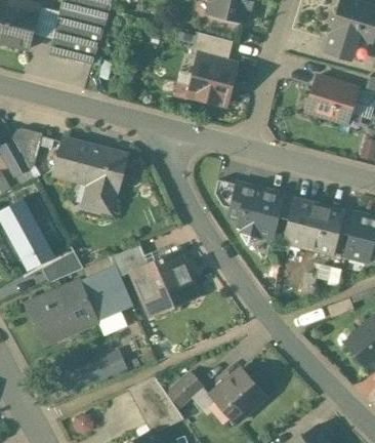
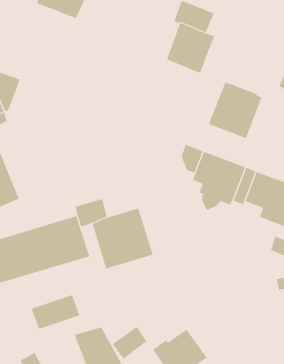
building: none -> [208,81,262,139]
building: [52,138,126,211] -> none
building: [41,250,83,283] -> none

